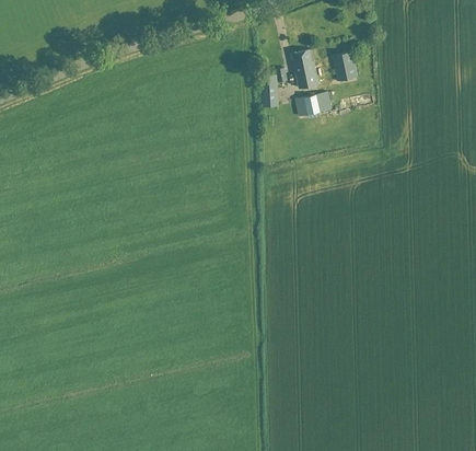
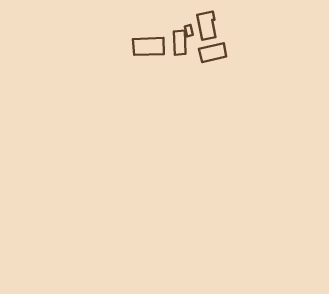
building: [332,50,358,81] -> none
building: none -> [133,38,164,55]

